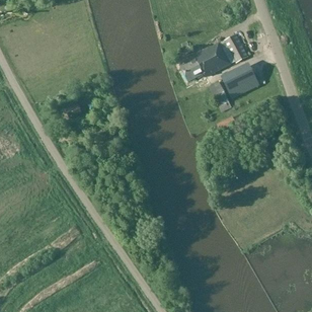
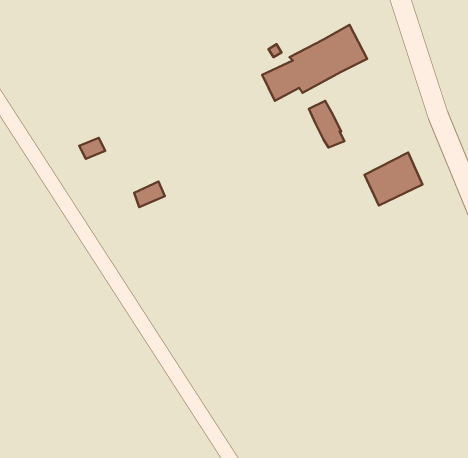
building: [223,64,259,97] -> [364,152,423,206]

